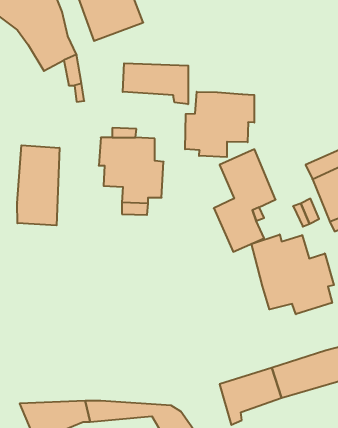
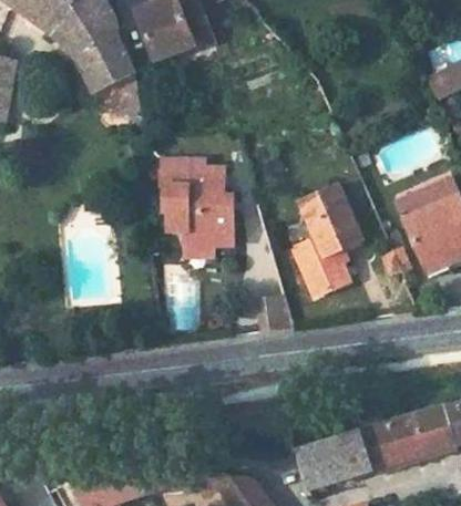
building: [123,63,188,104] -> none
building: [185,92,254,157] -> none
building: [17,145,59,225] -> none
building: [252,234,334,314] -> none

